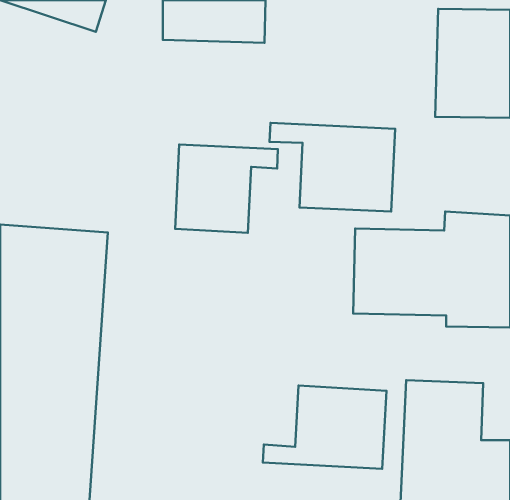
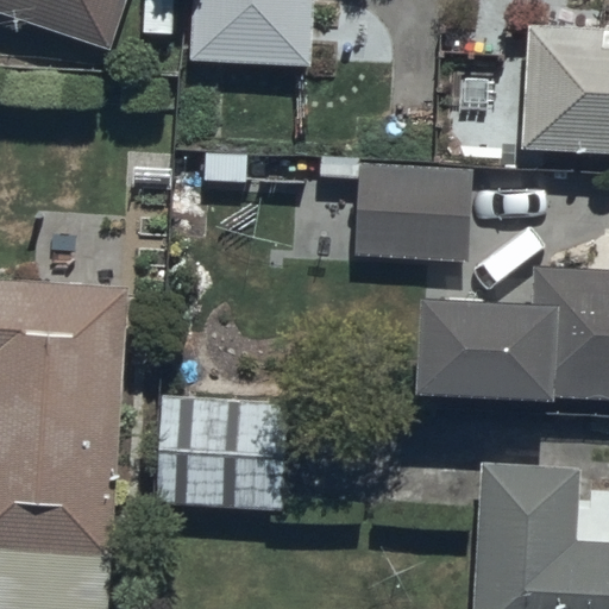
building: [175,144,278,233] -> none
building: none -> [156,395,290,513]
building: [263,386,386,469] -> none

